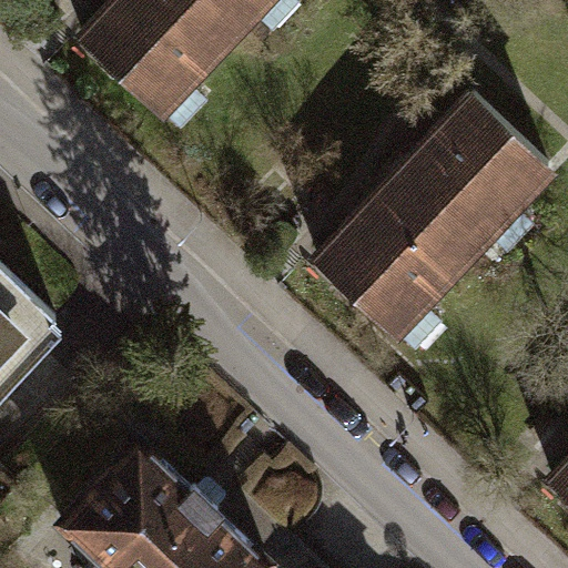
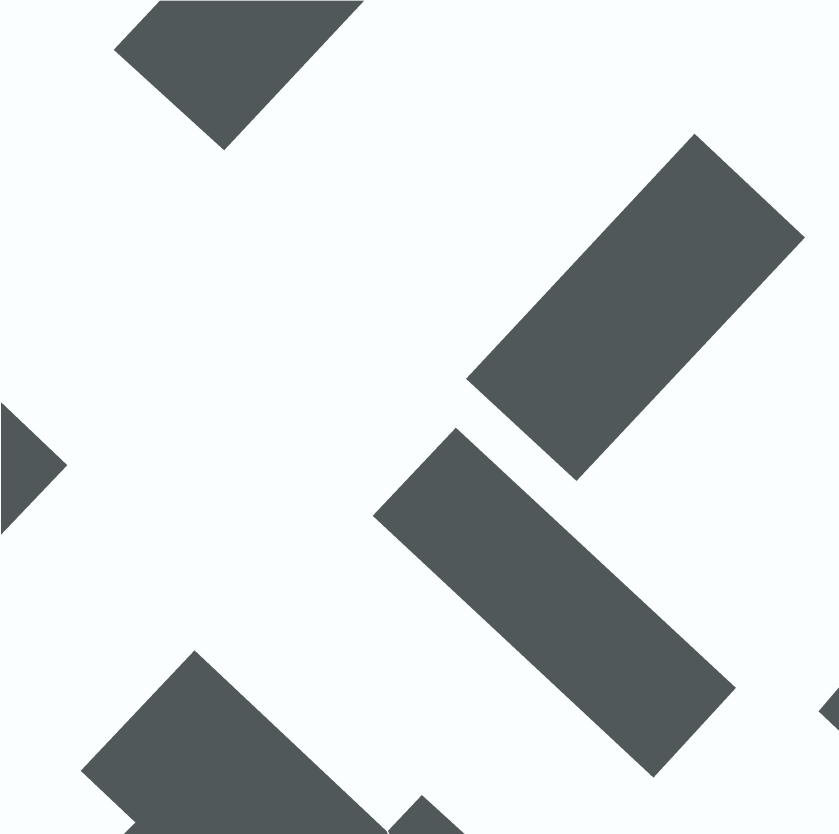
building: none -> [372,427,737,778]

